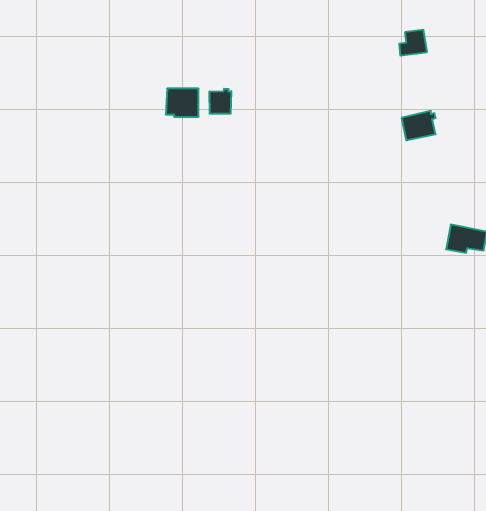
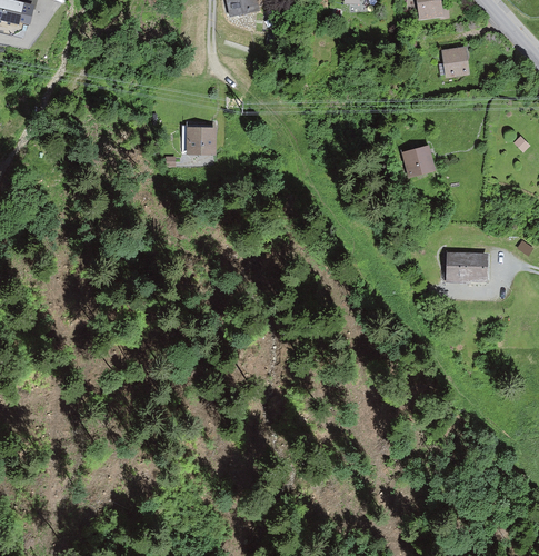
building: [399,30,427,56] -> [439,50,466,75]
building: [210,89,231,114] -> none

